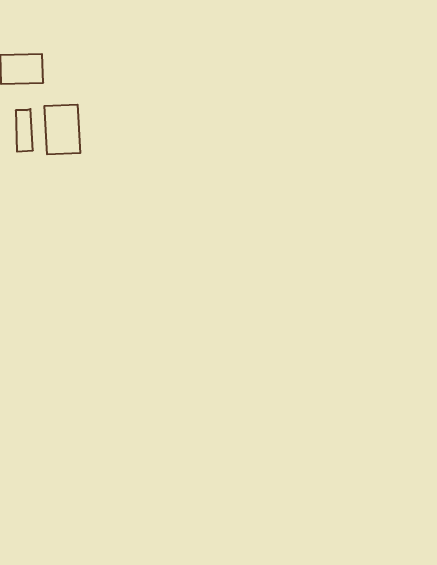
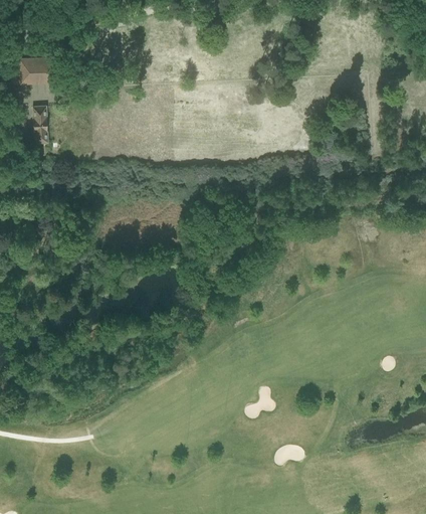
building: [44,105,80,154] -> none

